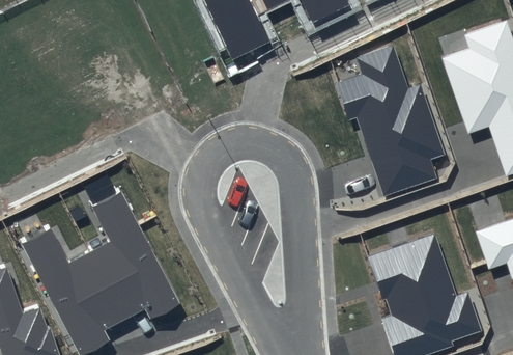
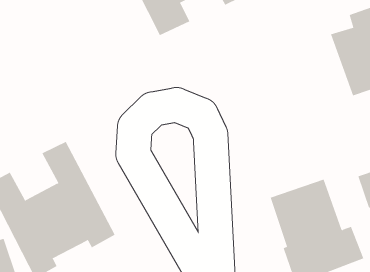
building: [335,46,444,196] -> none

